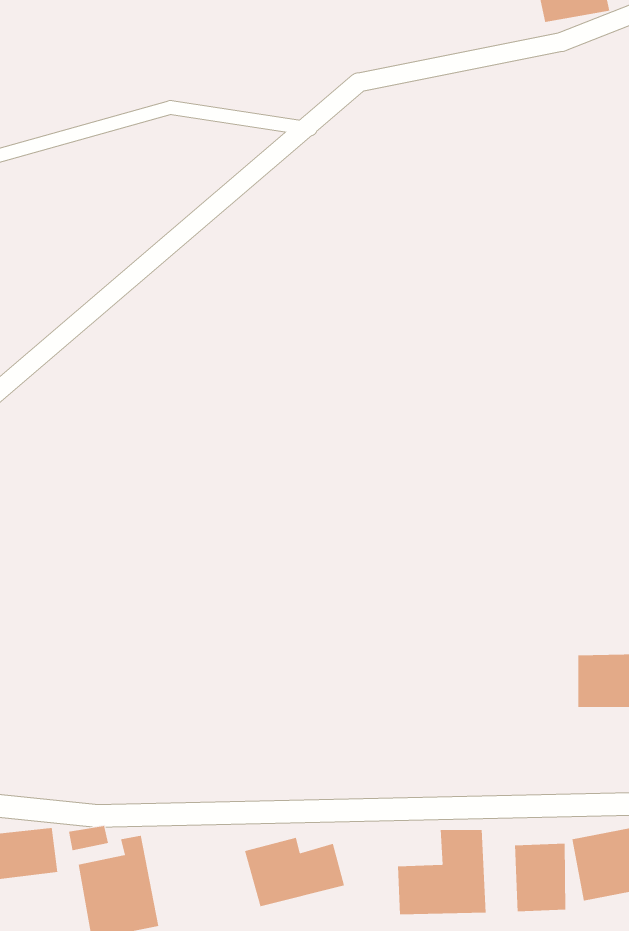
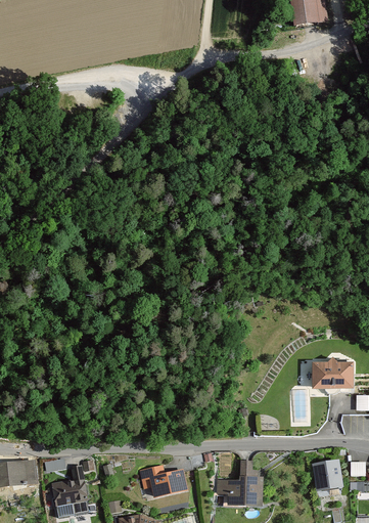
building: [514,843,566,912] -> none

